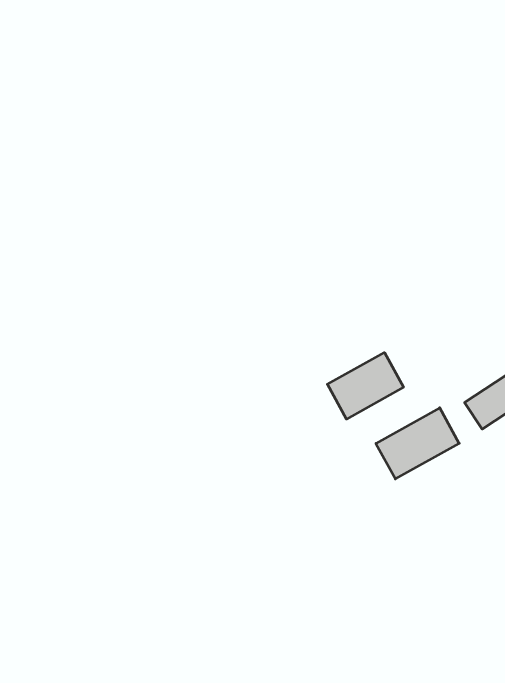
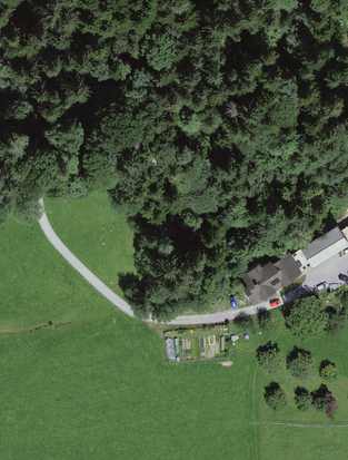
building: [327,353,403,419] -> none

